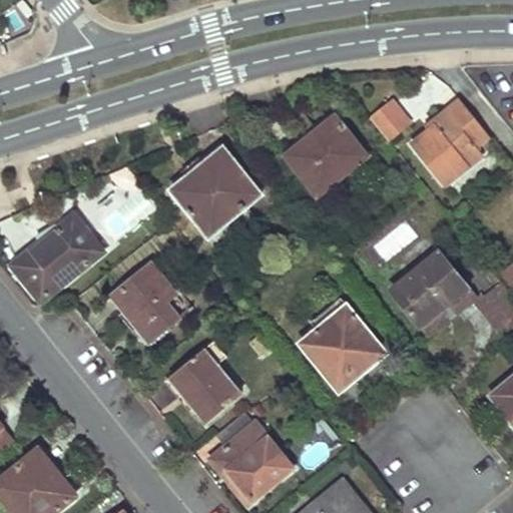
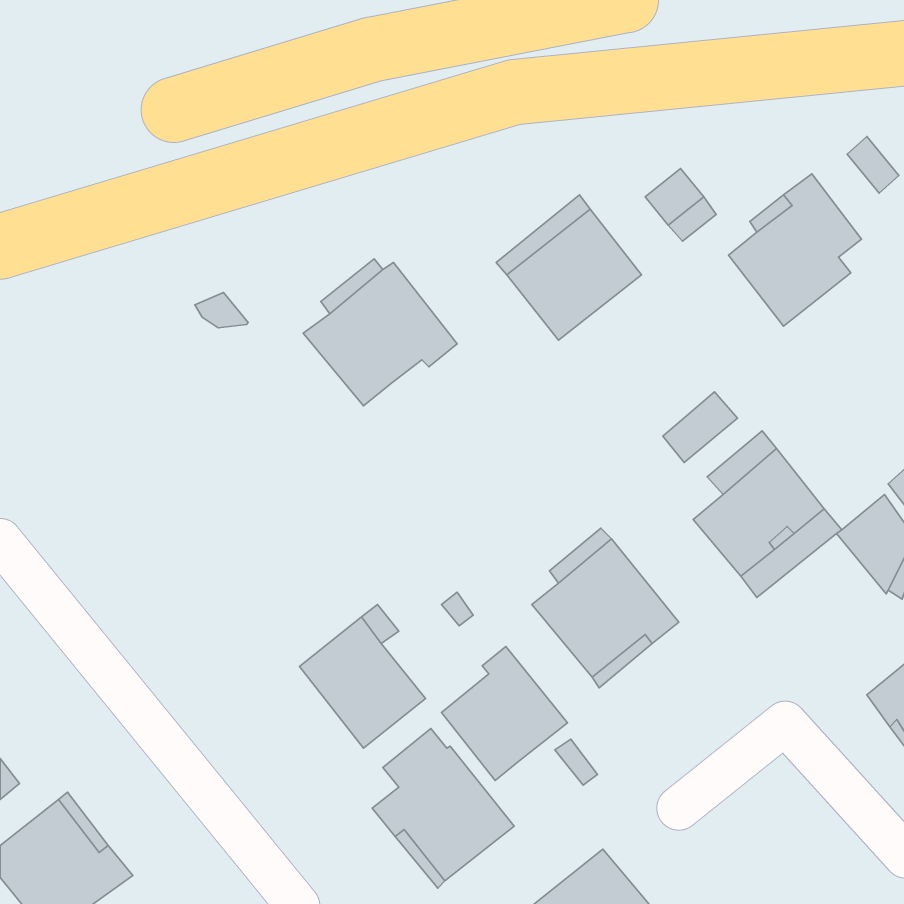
building: [15,218,102,300] -> none
building: [113,265,177,341] -> none
building: none -> [441,646,568,780]

